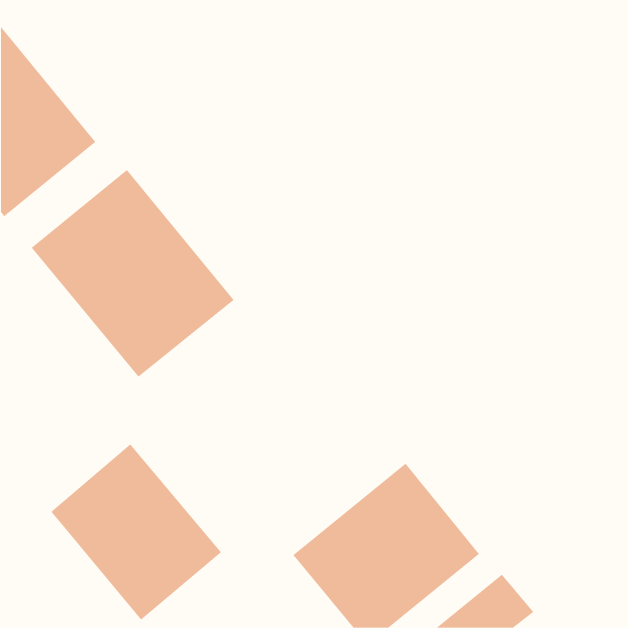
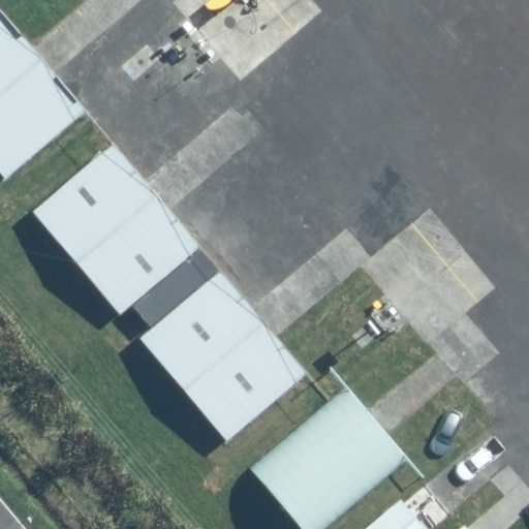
building: none -> [138,270,308,441]
building: [50,443,222,620] -> none

